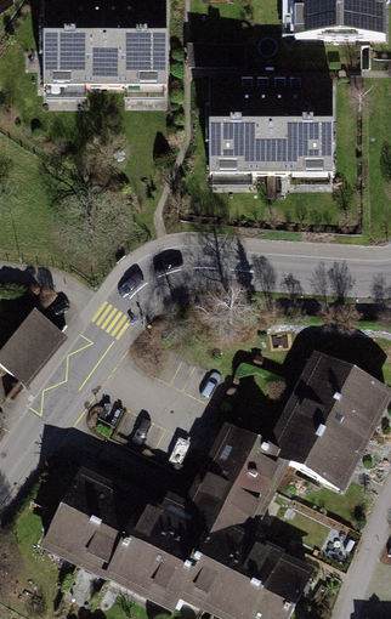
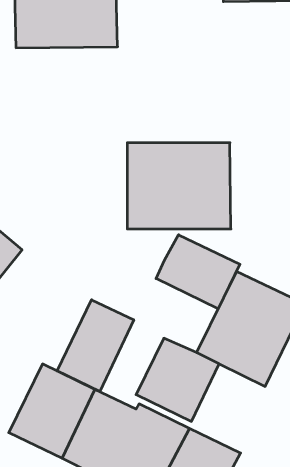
building: [212,73,335,175] -> [127,143,231,229]
building: none -> [156,235,240,309]
building: none -> [57,300,134,392]

